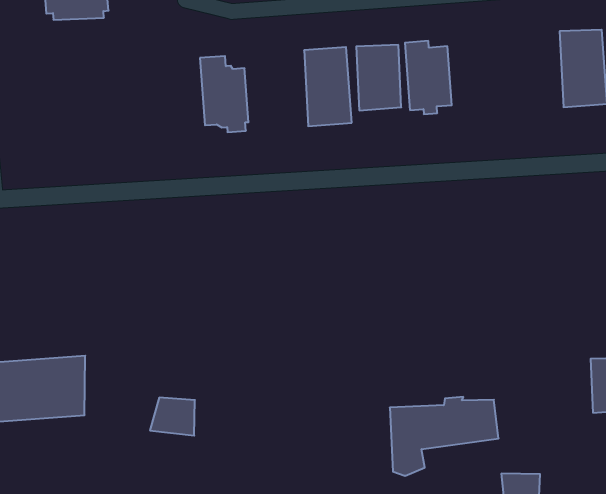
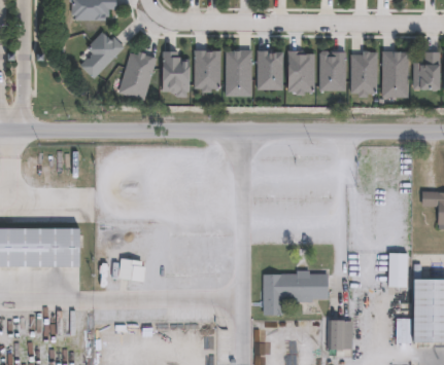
building: none -> [78,31,125,78]
building: none -> [351,51,378,97]
building: none -> [320,51,346,90]
building: none -> [194,50,220,93]
building: none -> [119,52,156,100]

